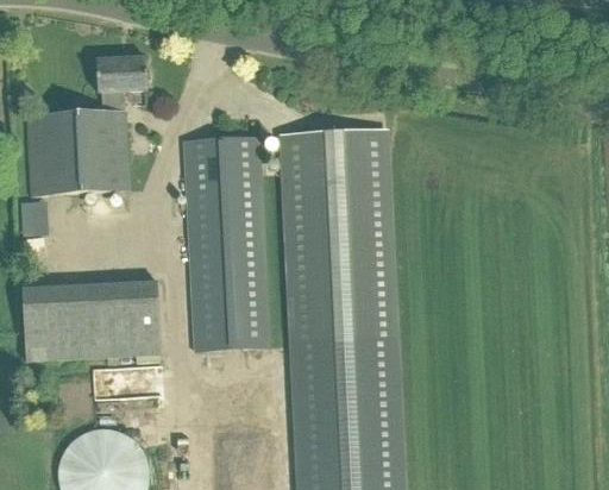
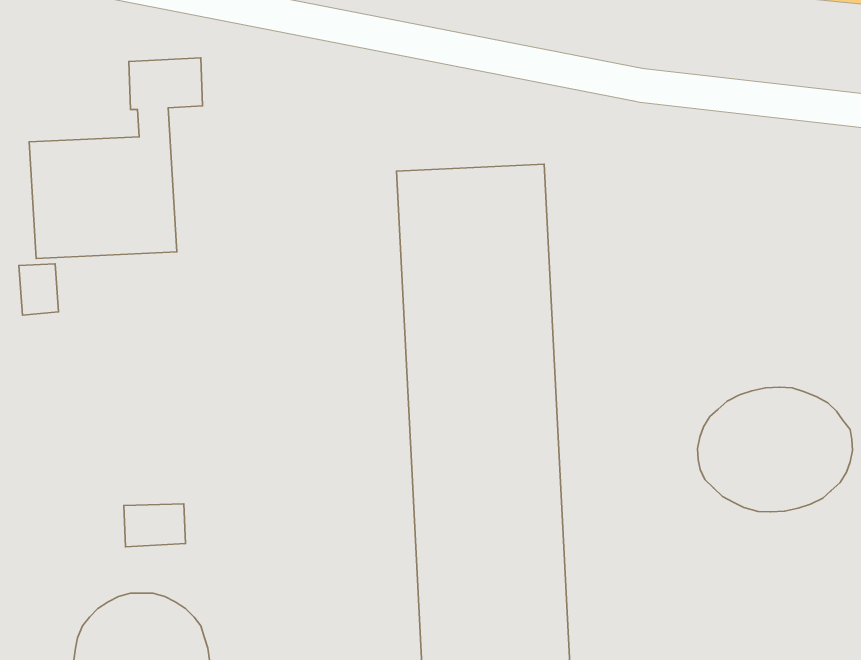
building: [183,136,269,352] -> none
building: [21,281,161,360] -> none
building: none -> [698,387,853,512]

